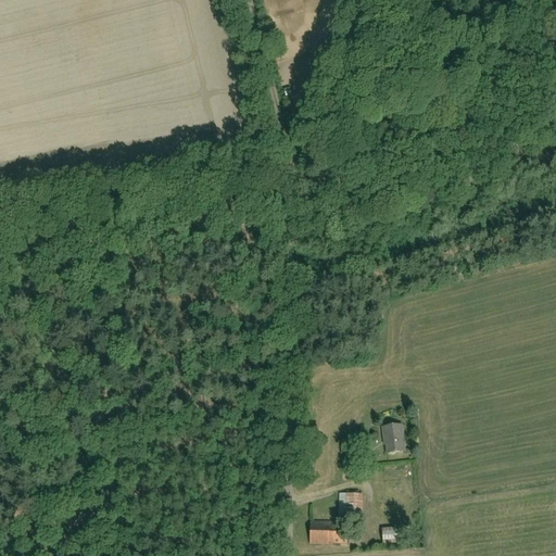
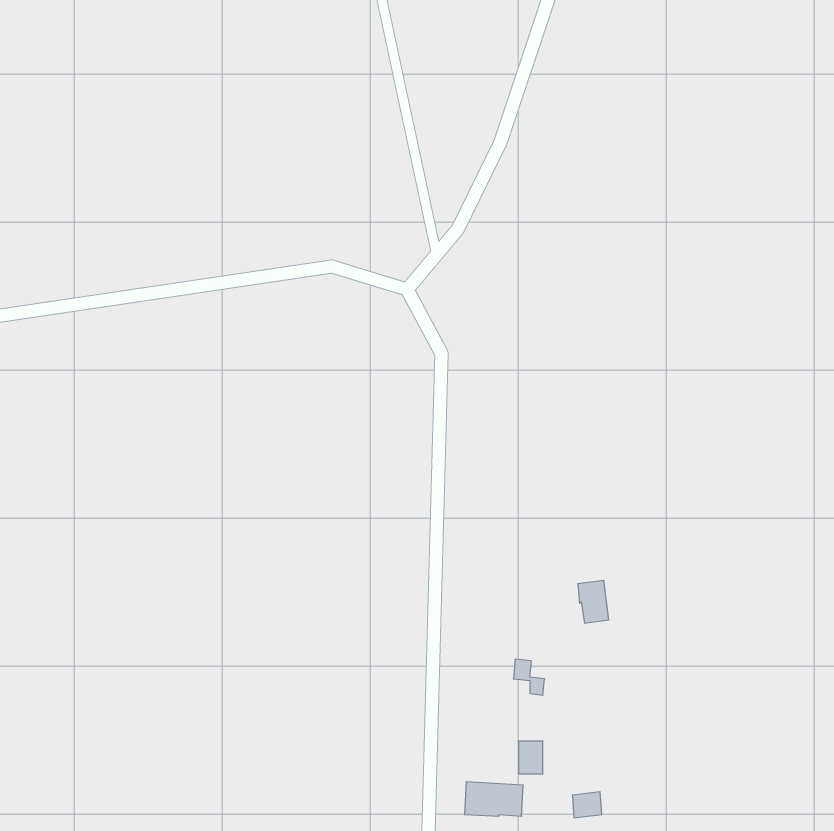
building: [381,424,402,452] -> [578,581,609,623]

